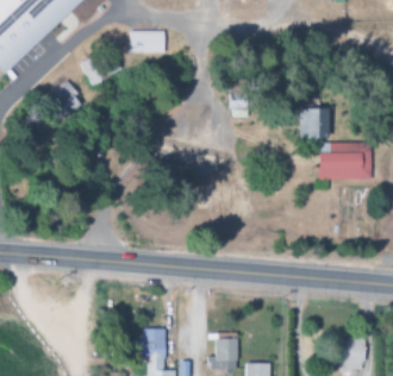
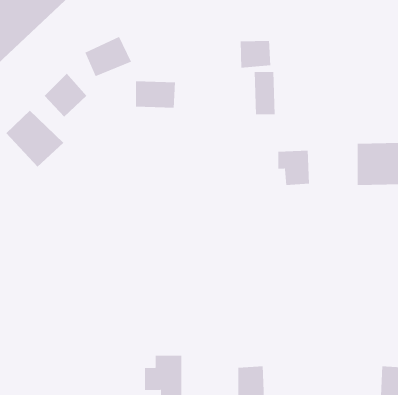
building: [130,30,166,54] -> [135,81,176,108]
building: none -> [240,40,271,69]
building: [300,107,329,138] -> [277,150,310,185]
building: none -> [6,110,64,167]

